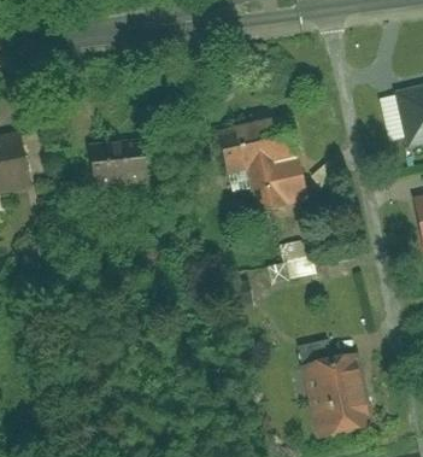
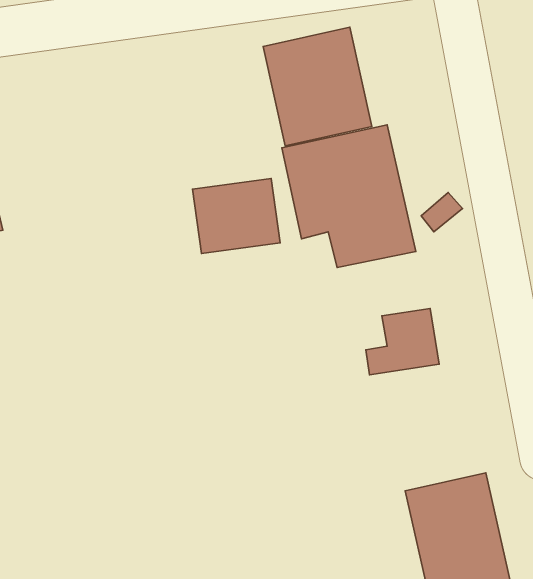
building: none -> [263,27,372,146]
building: [87,136,146,187] -> [192,178,280,253]

